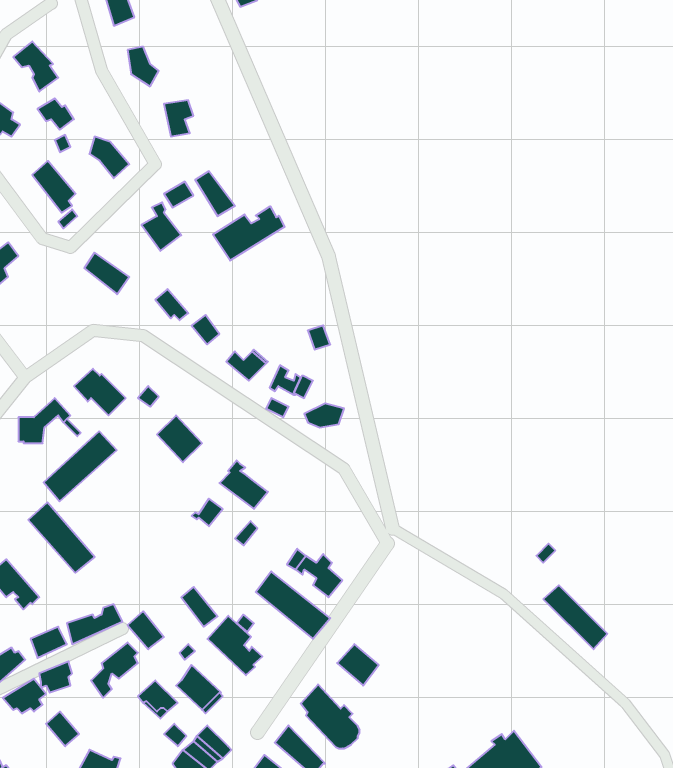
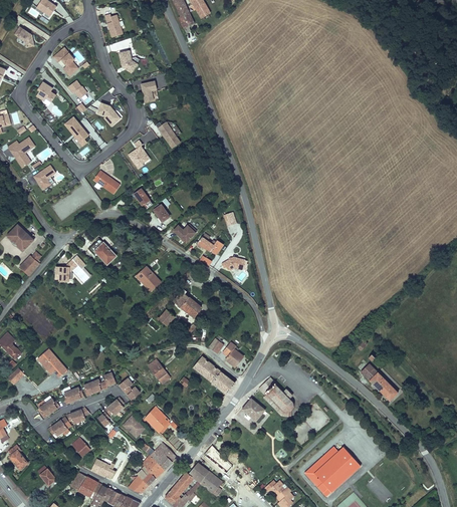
building: [213,206,285,261] -> none
building: [44,431,117,501] -> none
building: [28,502,95,573] -> none
building: [207,616,262,675] -> none
building: [301,684,360,748] -> [261,379,295,417]

